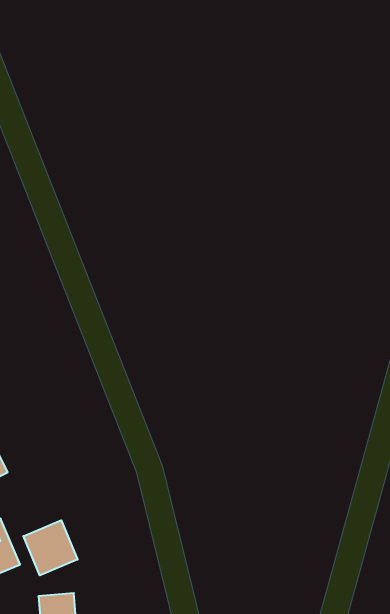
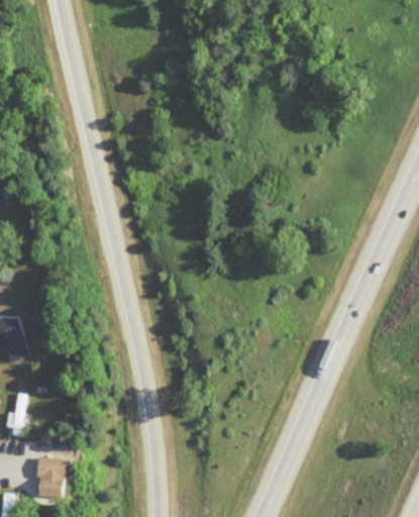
building: [23,520,78,575] -> none

